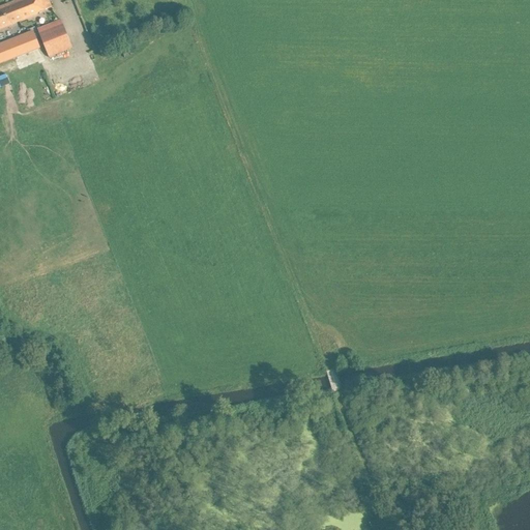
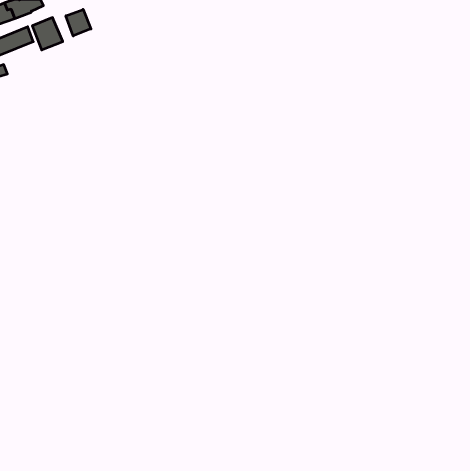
building: none -> [66,9,91,36]

